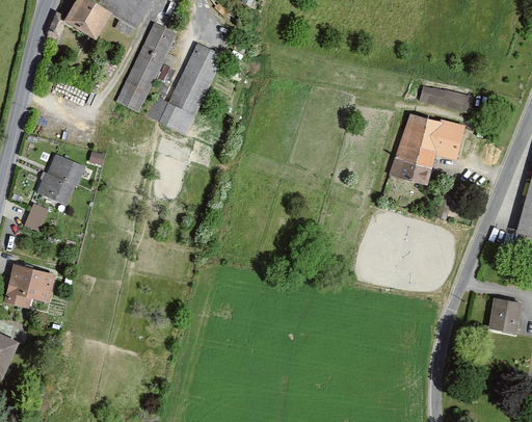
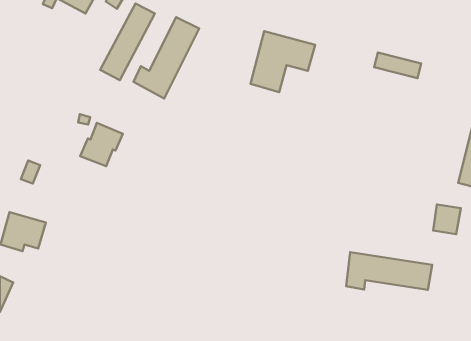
building: [392,114,464,183] -> [250,31,315,92]
building: [36,155,84,204] -> [80,123,123,166]
building: [488,299,520,333] -> [433,205,461,234]
building: none -> [346,252,432,290]

